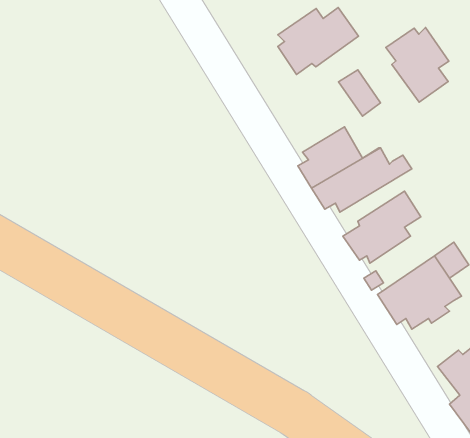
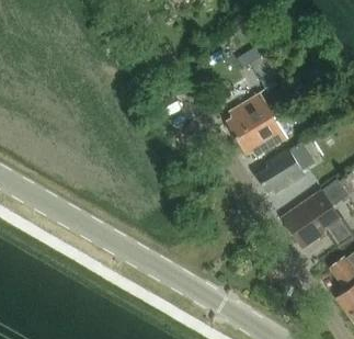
building: [278,8,359,74] -> none
building: [386,28,449,102] -> none

